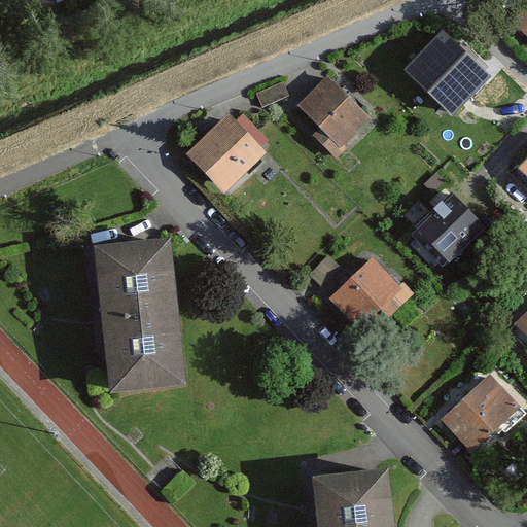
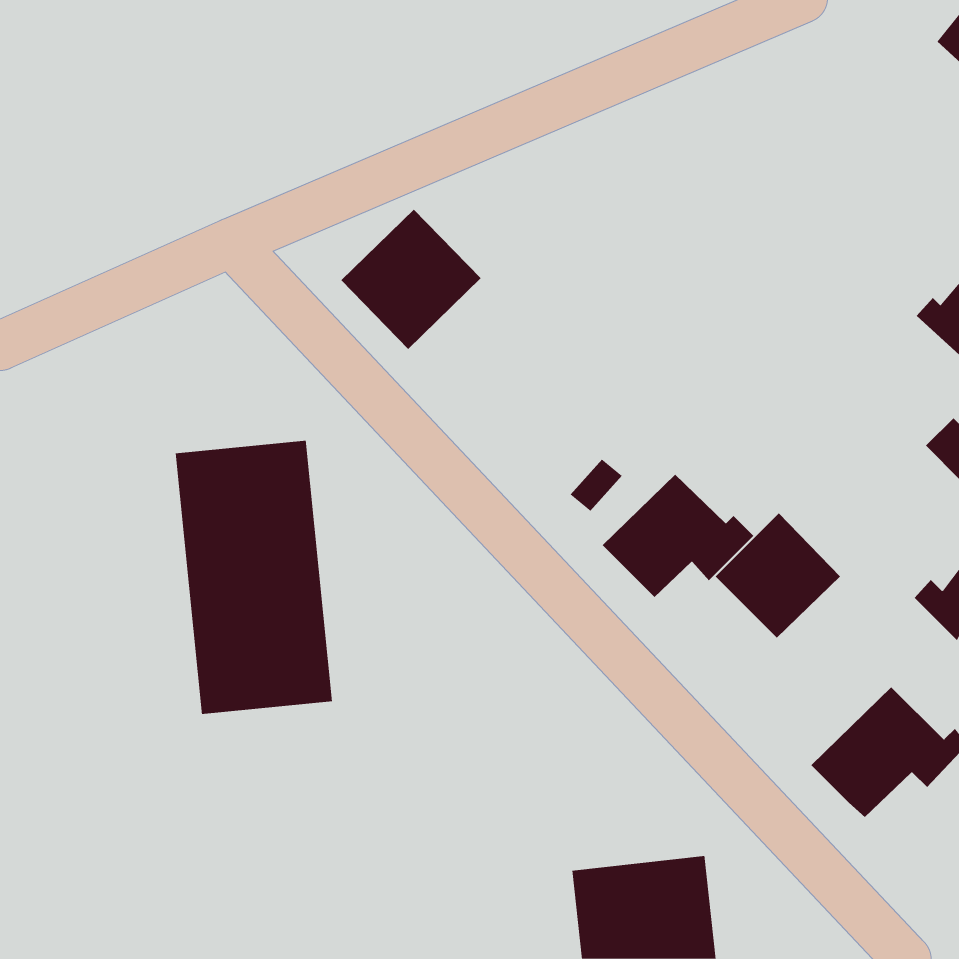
building: [407,33,487,112] -> none
building: [298,77,367,157] -> none
building: [417,192,486,261] -> [715,513,841,639]

